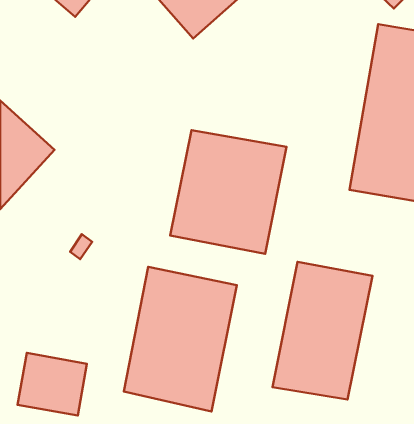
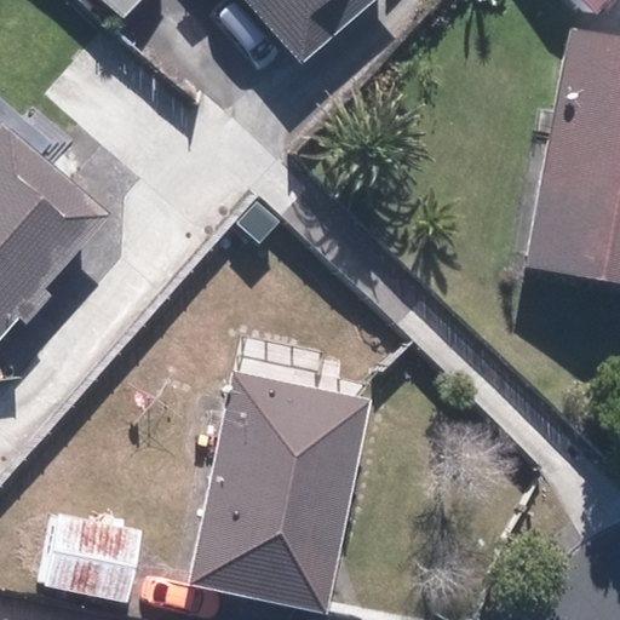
building: [170,130,286,254] -> none
building: [272,262,372,400] -> none

